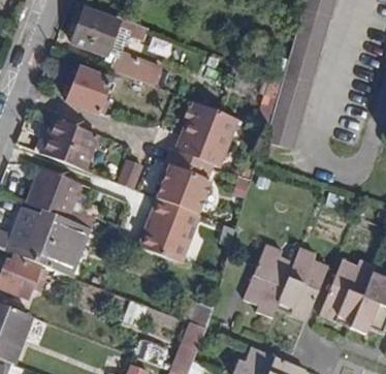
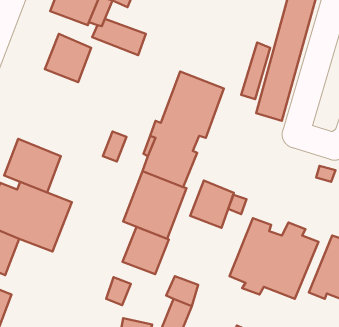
building: [41,118,99,169] -> none
building: none -> [190,181,234,228]
building: none -> [123,227,169,274]

